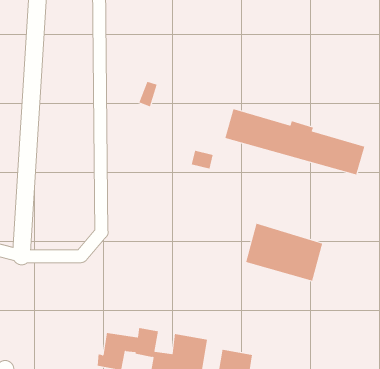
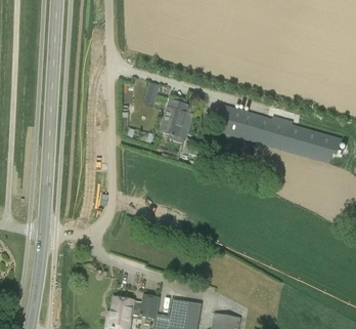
building: none -> [161,100,188,137]
building: [245,223,323,281] -> none

